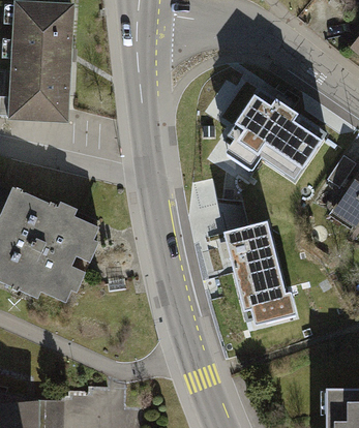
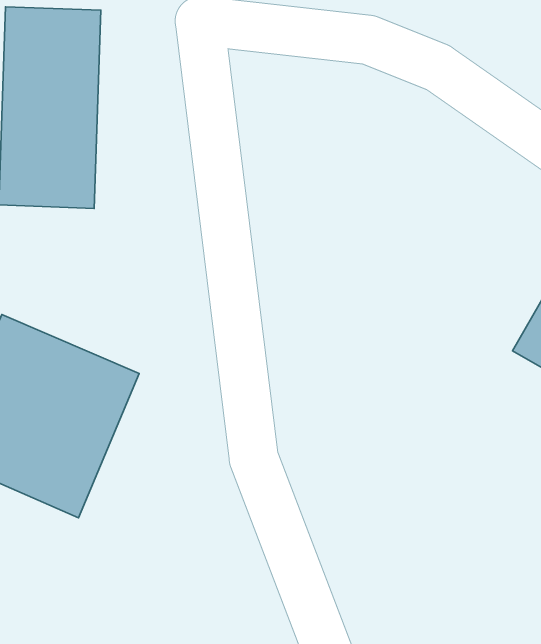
building: [230,92,327,182] -> none
building: [223,222,293,326] -> none

